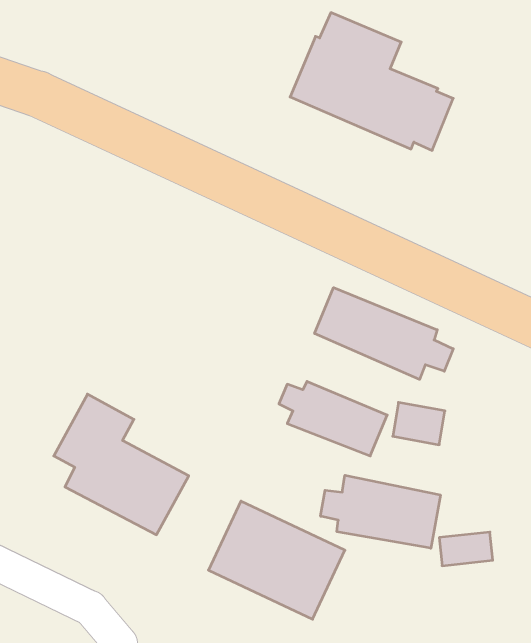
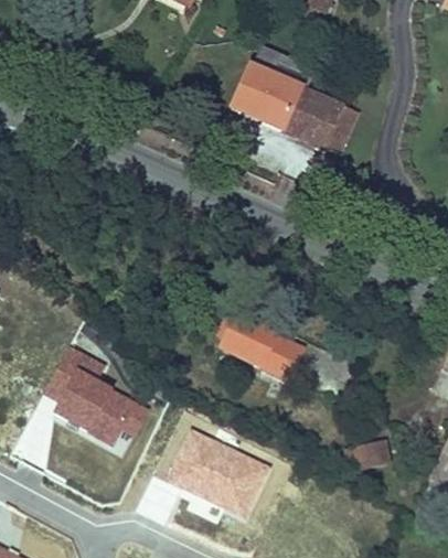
building: [315,288,453,379] -> none
building: [321,475,440,548] -> none

